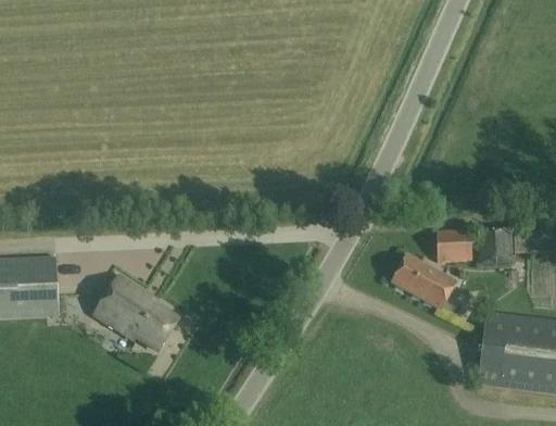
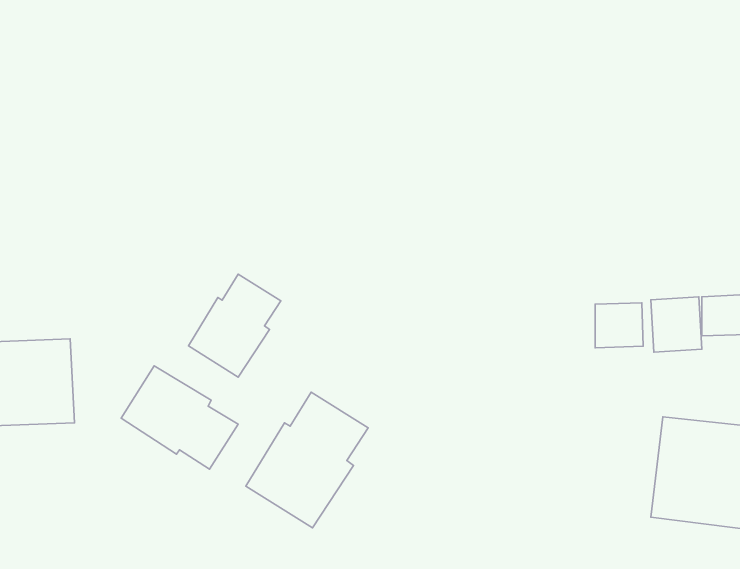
building: none -> [188,274,281,377]
building: [392,255,455,309] -> none
building: none -> [246,392,368,528]

